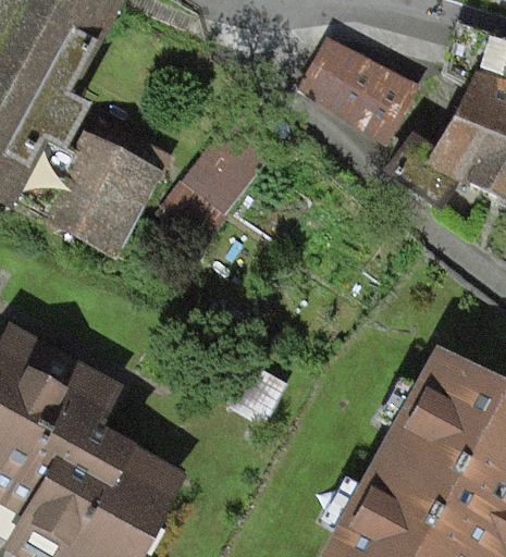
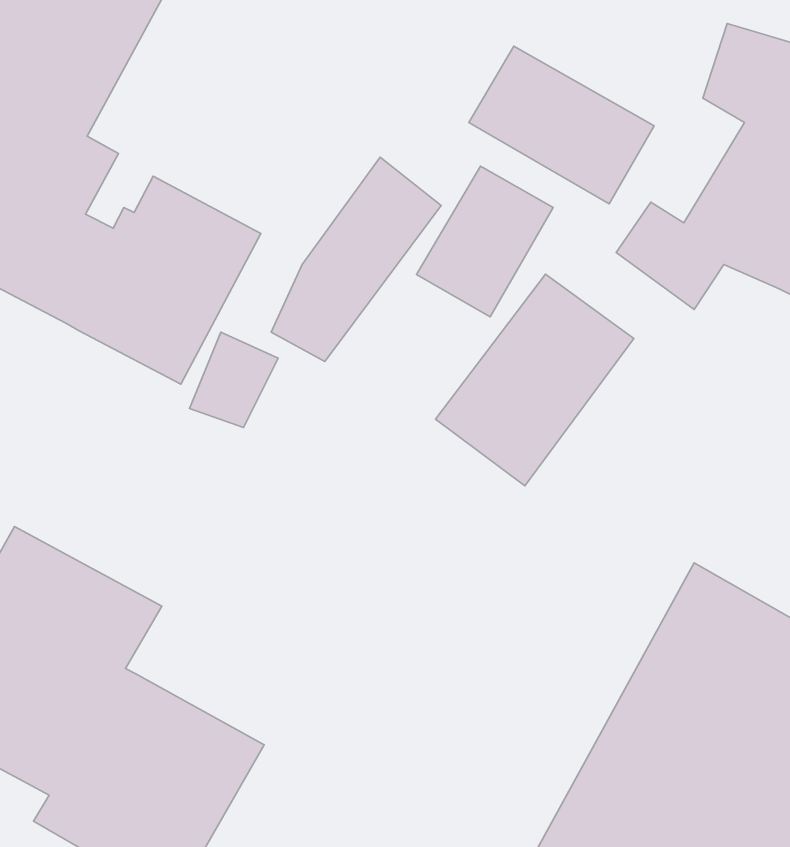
building: none -> [417,166,553,317]
building: none -> [436,274,634,486]

